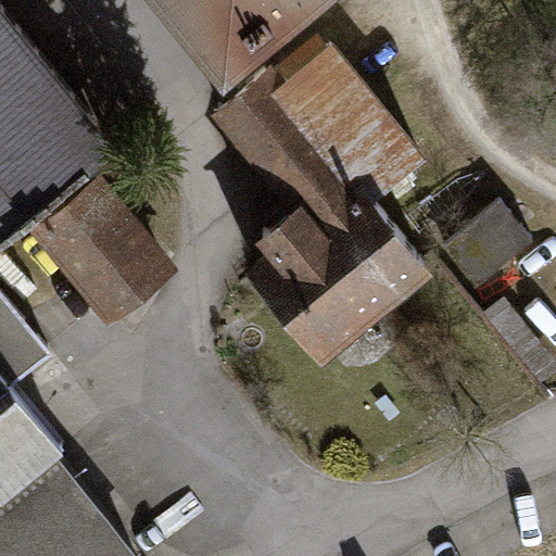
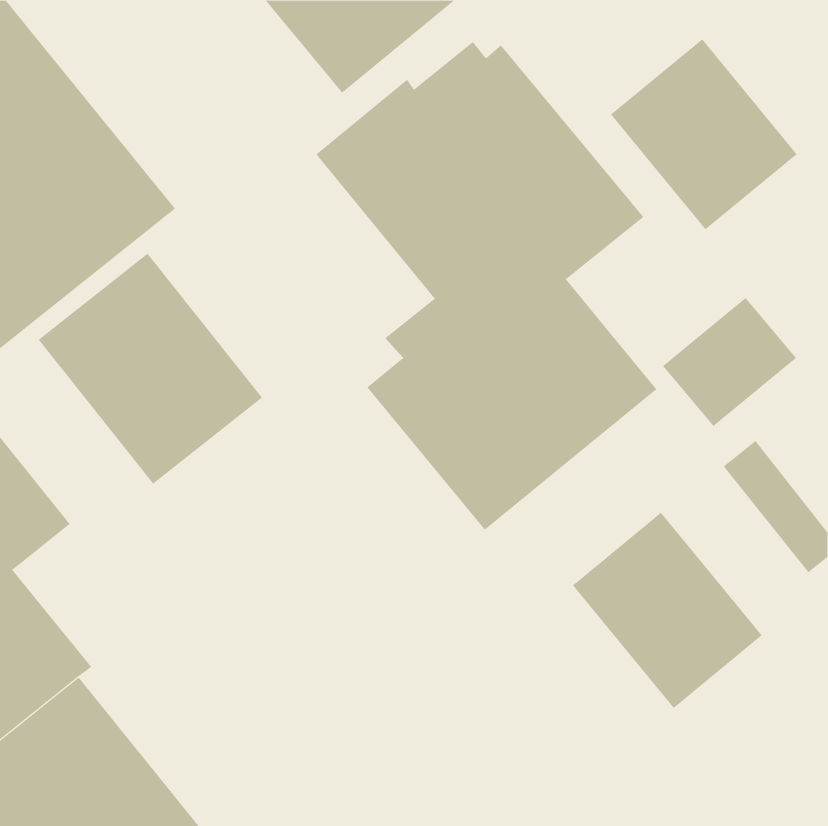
building: none -> [610,38,797,230]
building: none -> [572,512,763,709]

